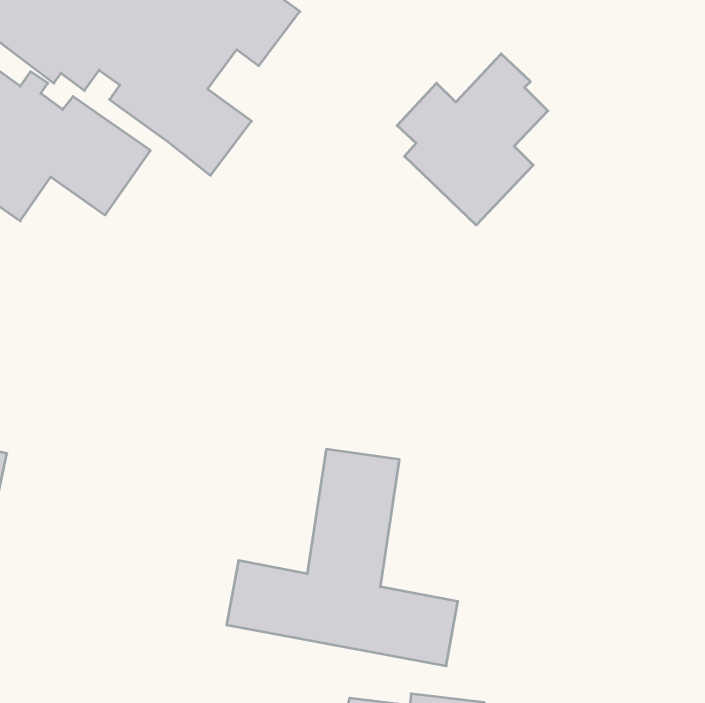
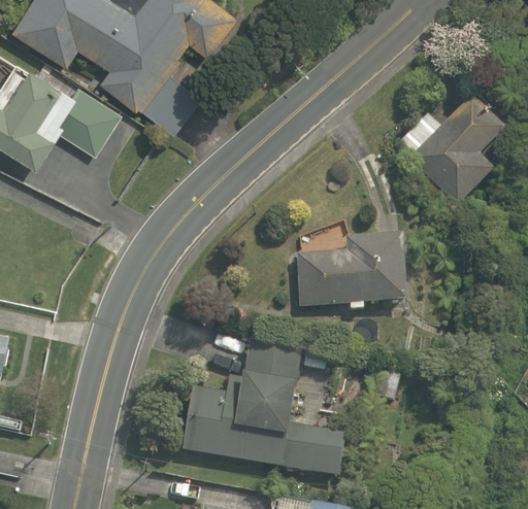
building: [397,54,548,225] -> [399,88,505,208]
building: none -> [288,230,406,305]

